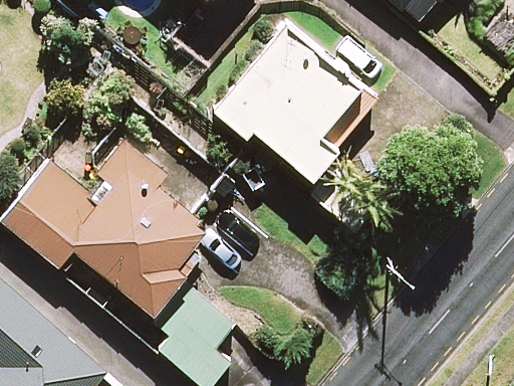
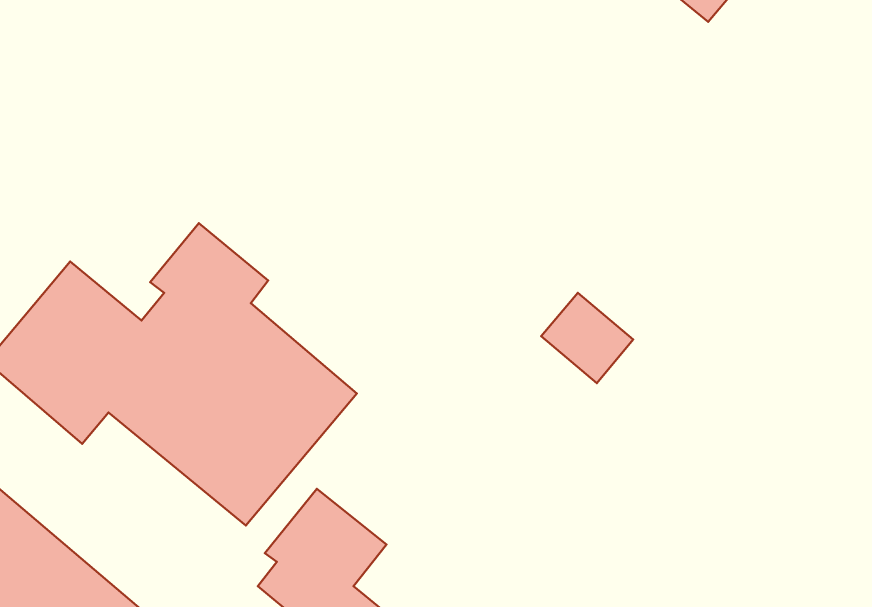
building: [211,26,371,176] -> none

